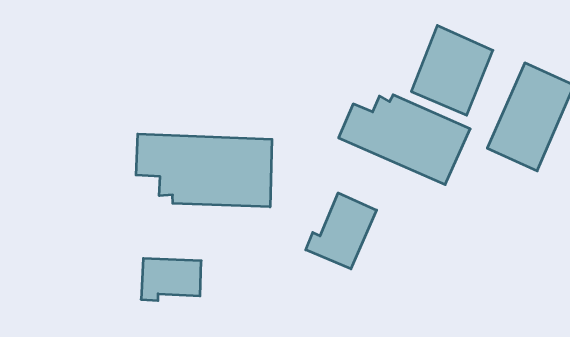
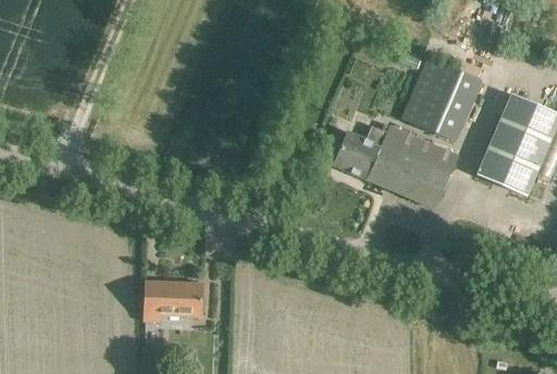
building: [136,134,272,207] -> none
building: [306,193,377,269] -> none

